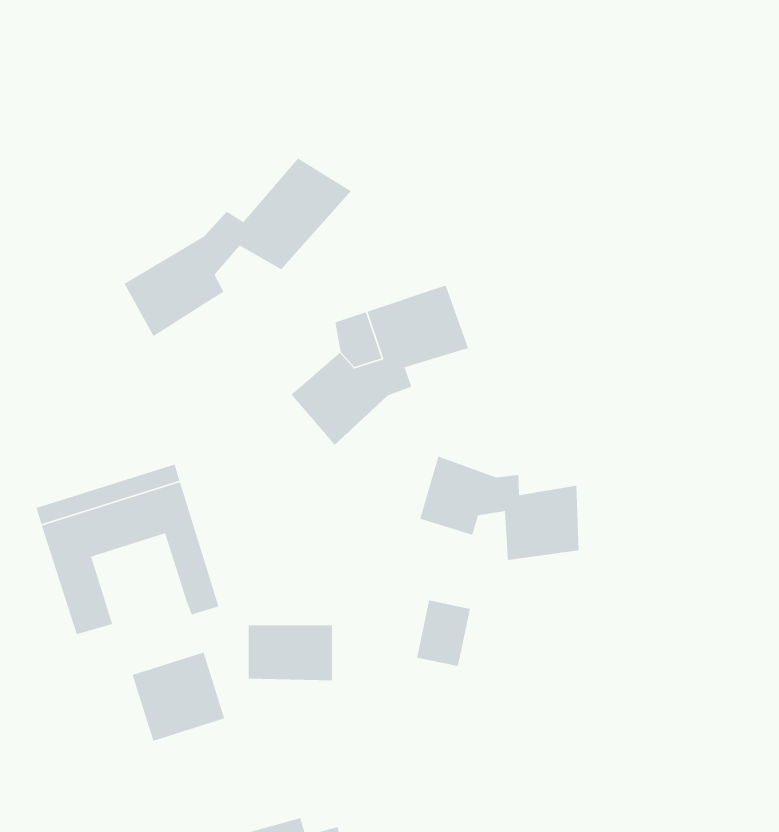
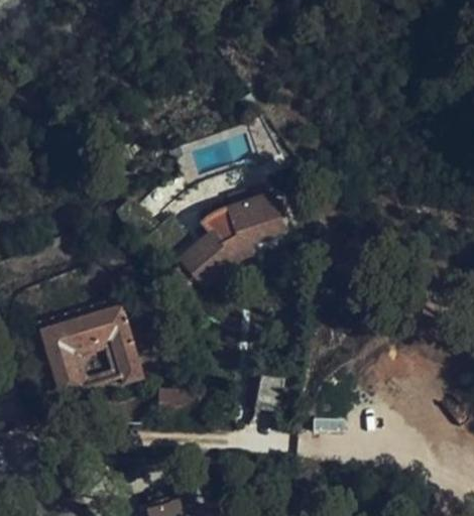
building: [124,158,352,337] -> none
building: [419,455,579,561] -> none
building: [132,652,225,742] -> [70,338,123,389]

